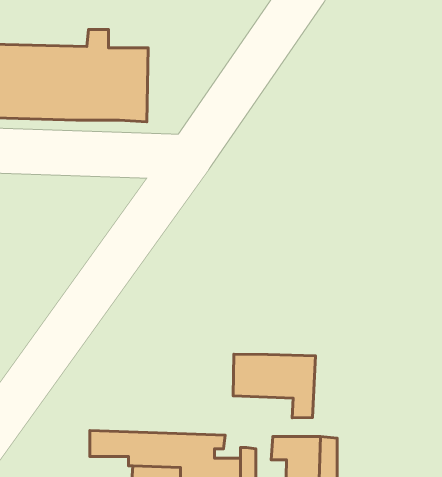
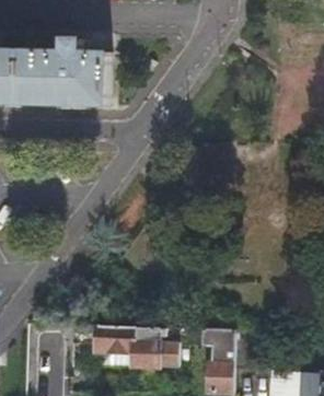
building: [233,354,316,418] -> none

